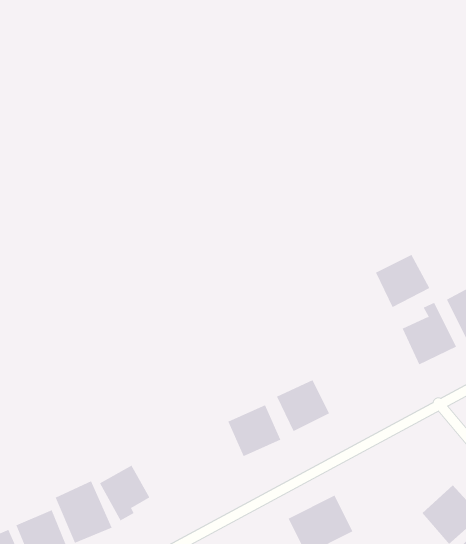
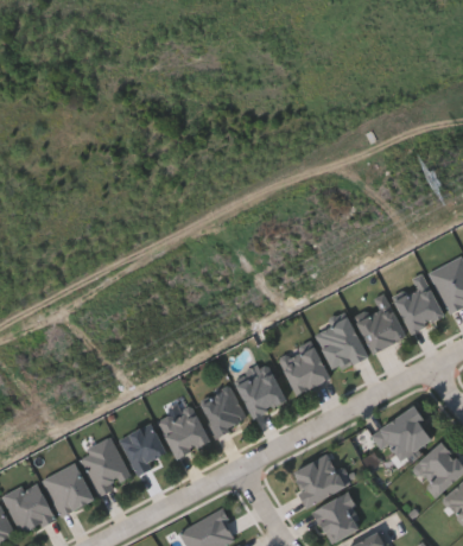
building: [375,254,430,308] -> [356,305,406,354]
building: none -> [315,318,366,372]
building: none -> [198,387,247,436]
building: none -> [158,405,209,457]
building: none -> [372,407,435,461]

